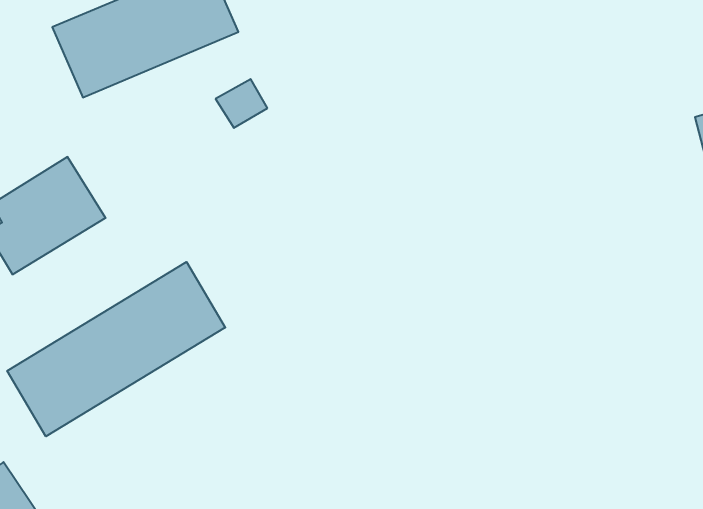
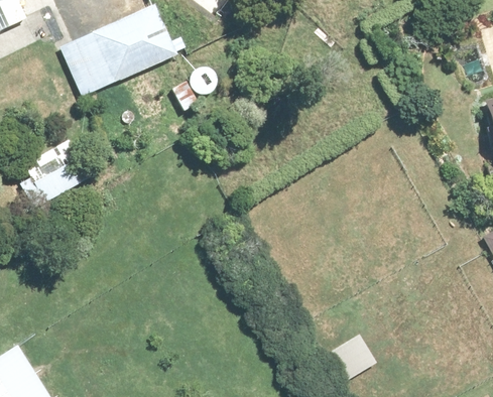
building: [7,262,225,436] -> none

